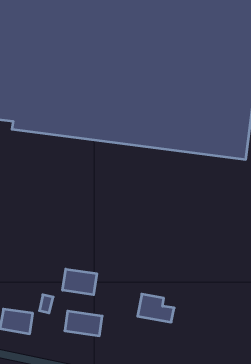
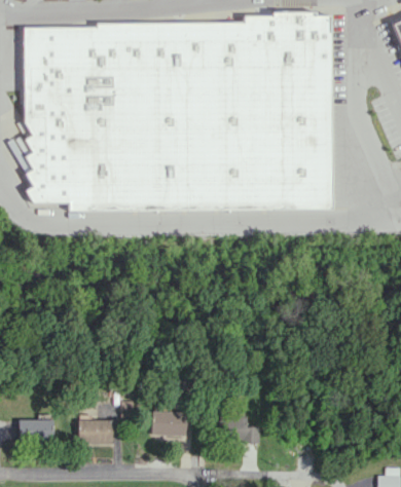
building: [63,269,97,295] -> none
building: [138,294,174,322] -> [221,413,261,440]

